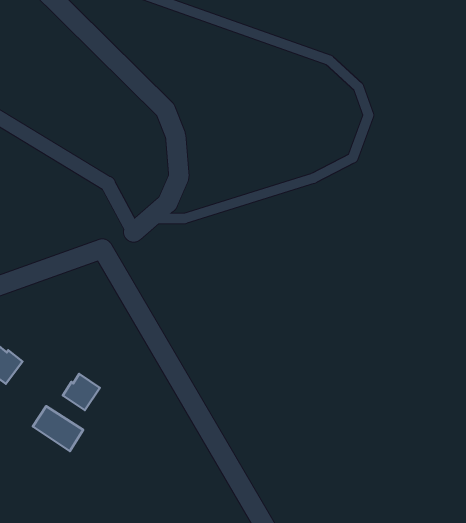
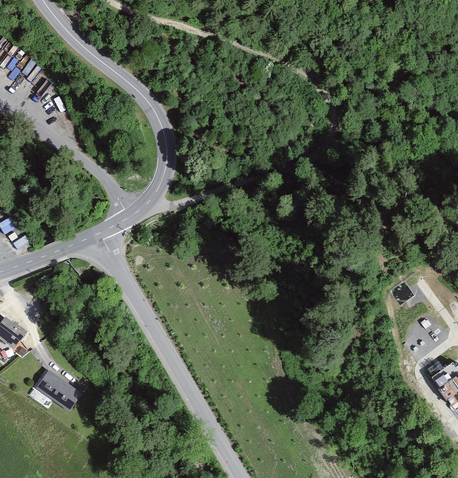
building: [63,374,100,410] -> none

